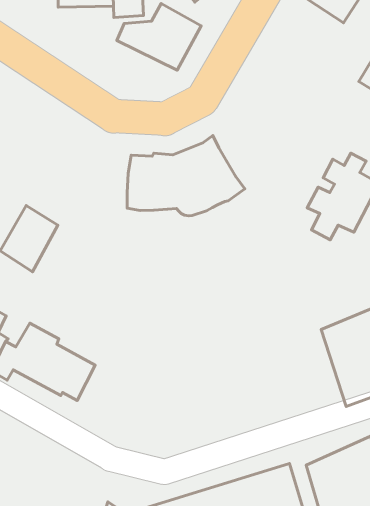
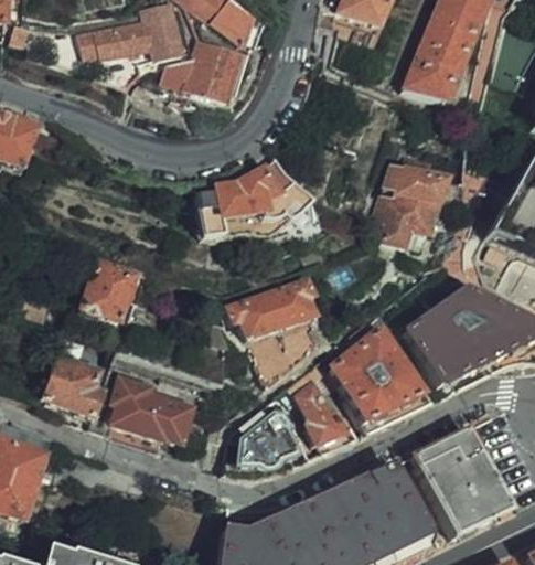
building: none -> [226,276,313,337]
building: none -> [331,328,434,444]
building: none -> [295,377,353,460]
building: none -> [239,418,302,483]

